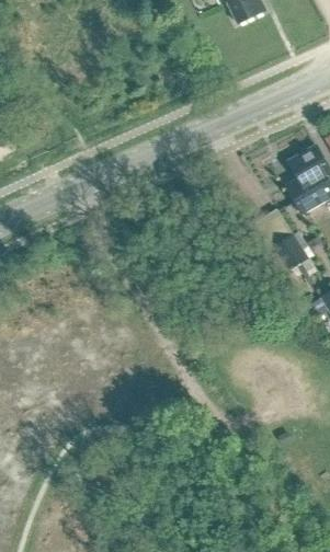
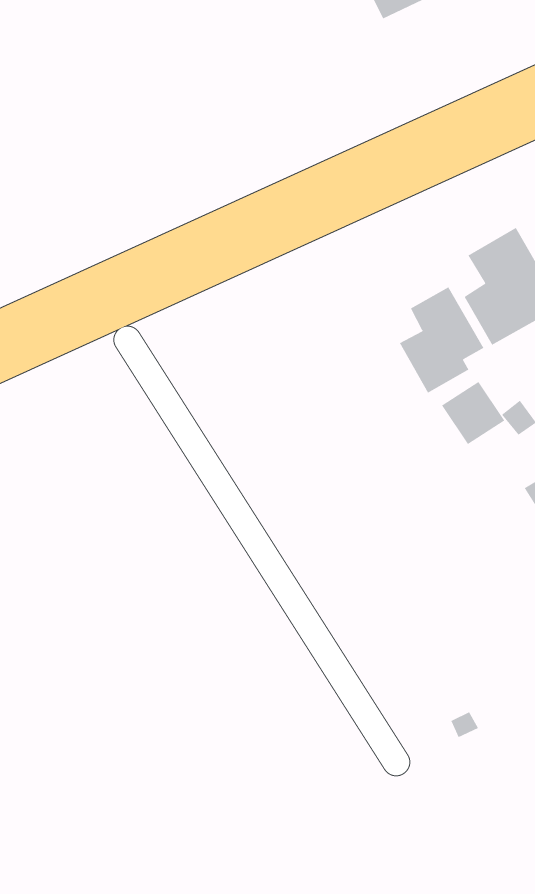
building: none -> [399,287,484,393]

